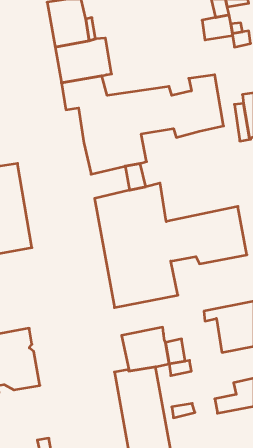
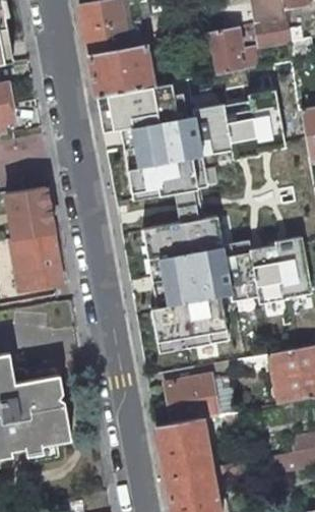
building: none -> [210,27,258,73]

